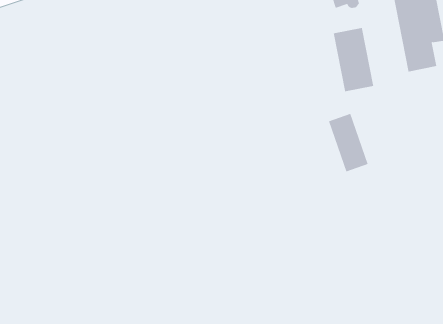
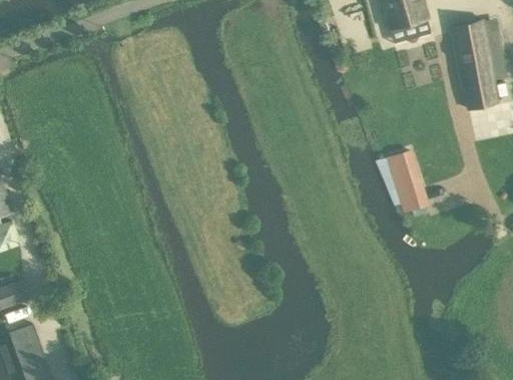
building: [333,27,374,92] -> none

